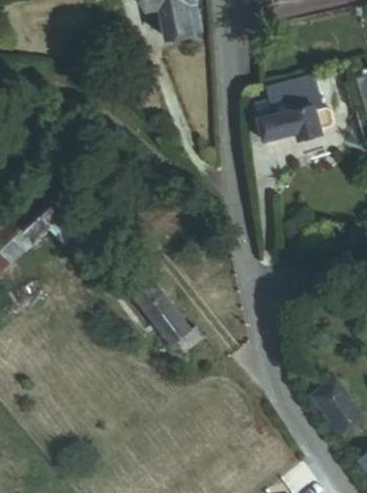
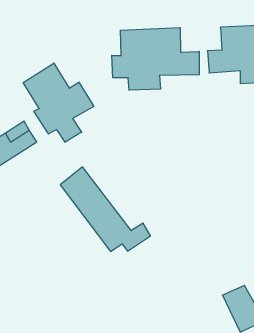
building: none -> [112,28,199,90]
building: none -> [23,63,94,142]

